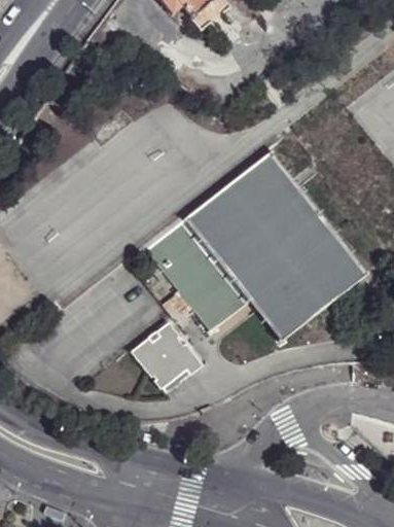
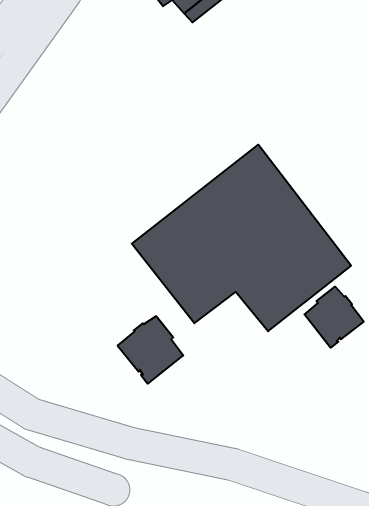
building: none -> [304,287,364,348]

